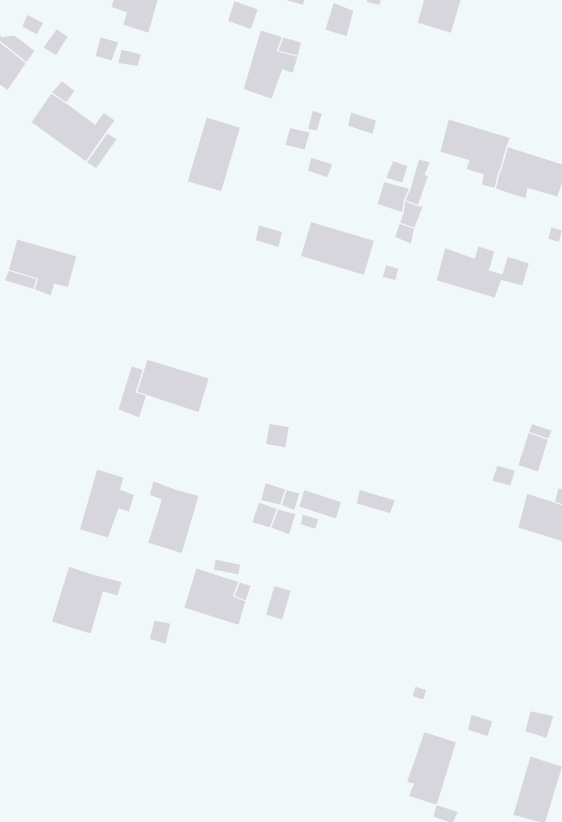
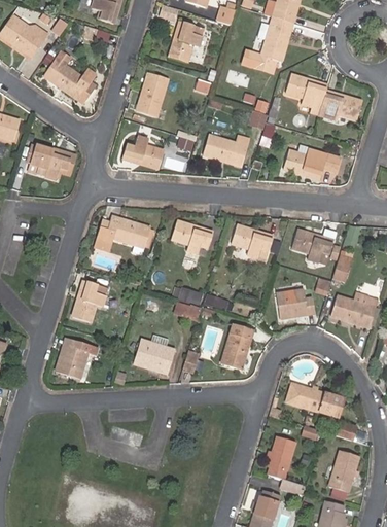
building: none -> [255,16,293,71]
building: none -> [124,136,165,169]
building: none -> [173,220,213,253]
building: none -> [233,224,273,257]
building: none -> [293,229,333,261]
building: [148,481,199,554] -> none
building: none -> [277,288,315,318]
building: none -> [221,324,253,368]
building: none -> [285,382,339,415]

